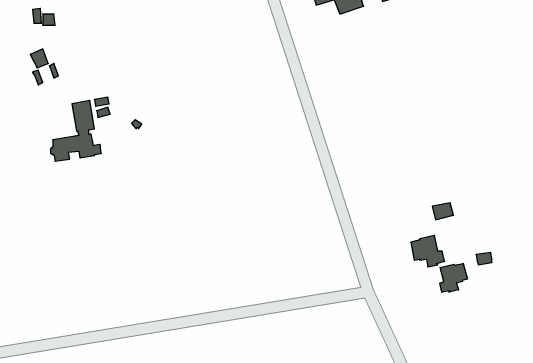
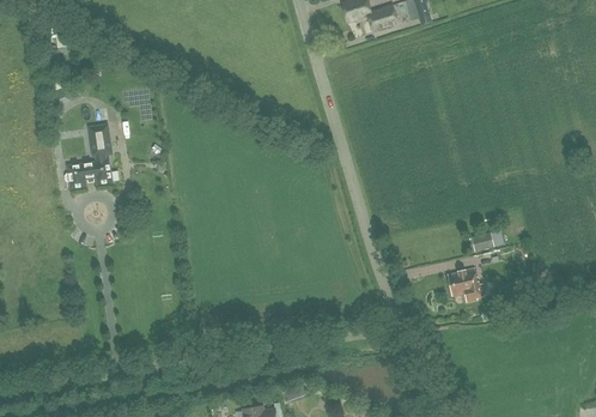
building: [440,263,467,292] -> none

